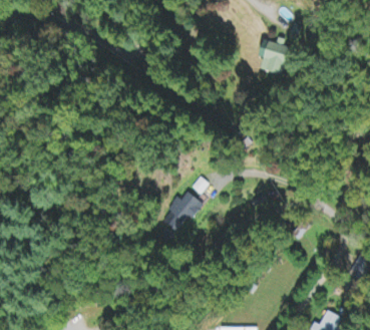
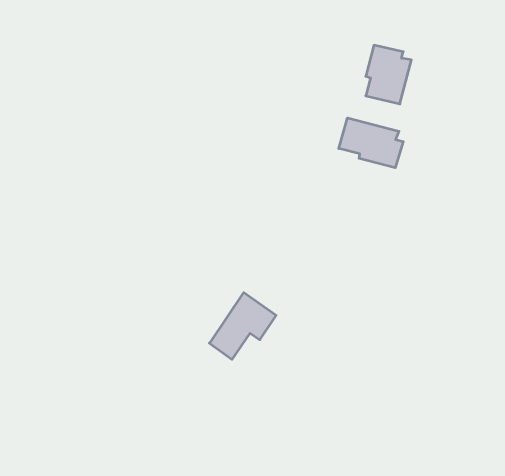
building: none -> [339,118,403,168]

